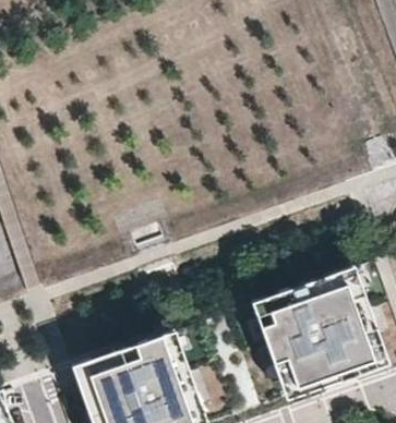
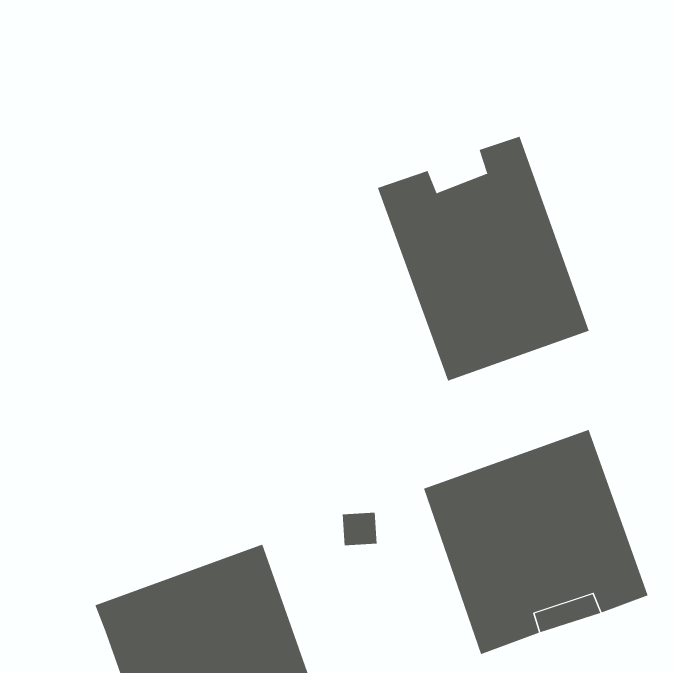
building: none -> [377,136,590,382]

